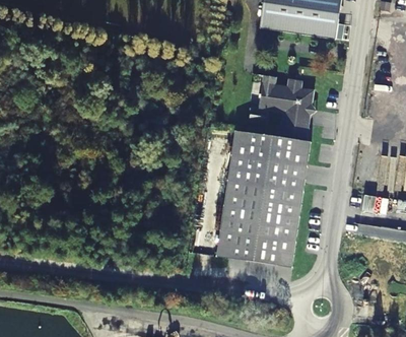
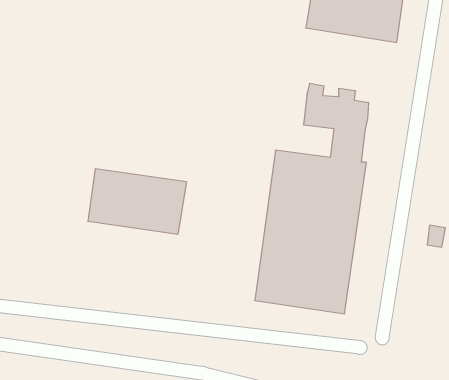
building: none -> [88,169,186,234]

